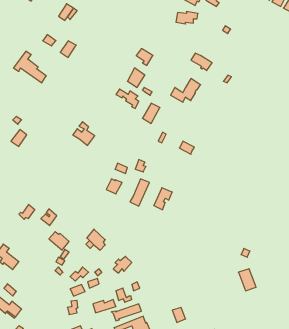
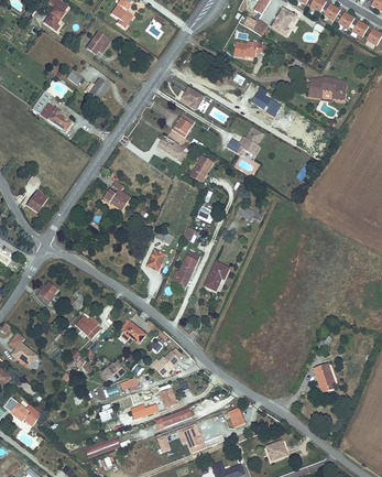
building: none -> [309,75,347,97]

